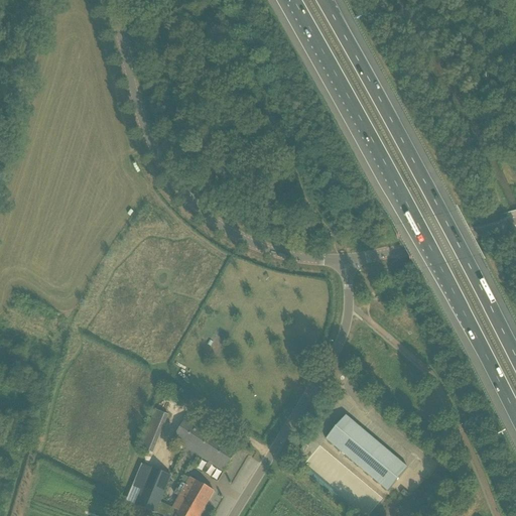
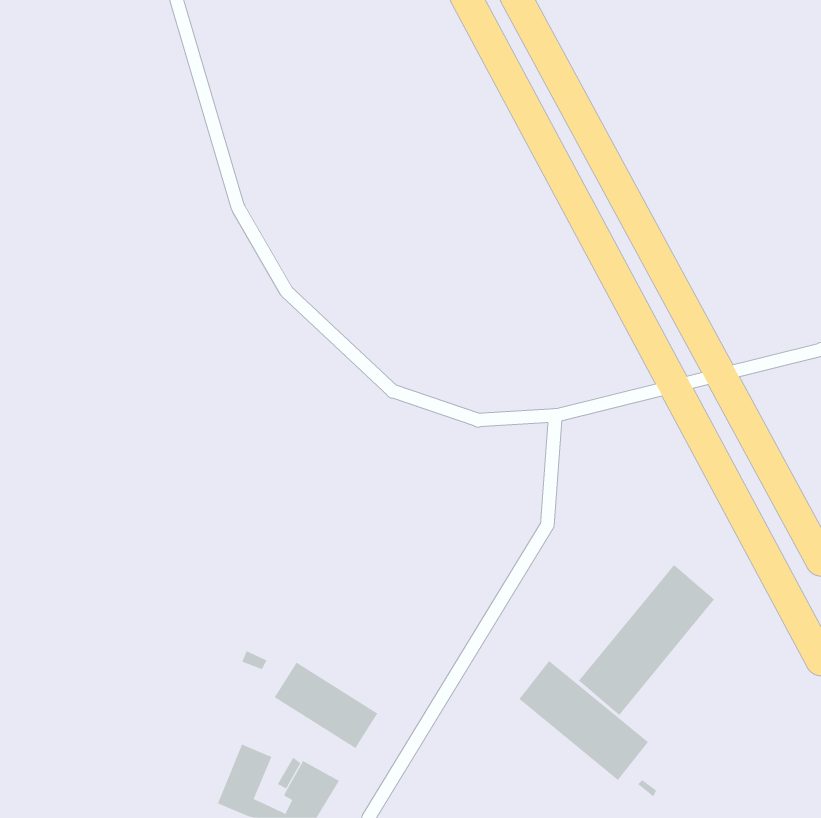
building: none -> [578,564,715,716]

